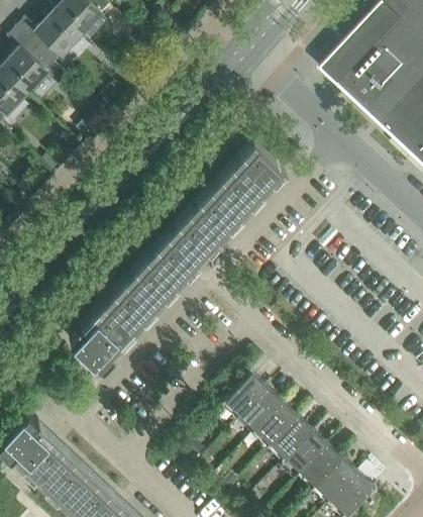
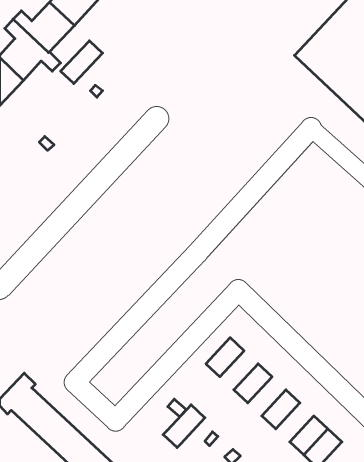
building: none -> [61,41,103,84]
building: [71,140,288,369] -> none
building: [238,389,284,435] -> [163,405,205,448]
building: [273,417,314,459] -> none
building: [303,445,344,488] -> none

